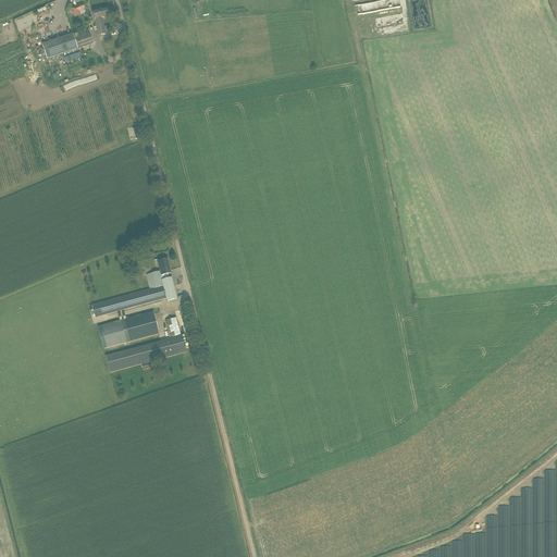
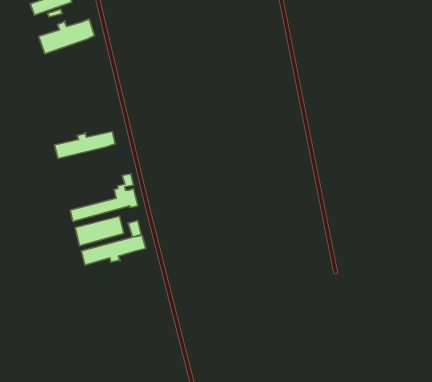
building: none -> [39,19,95,54]
building: none -> [55,131,115,158]

